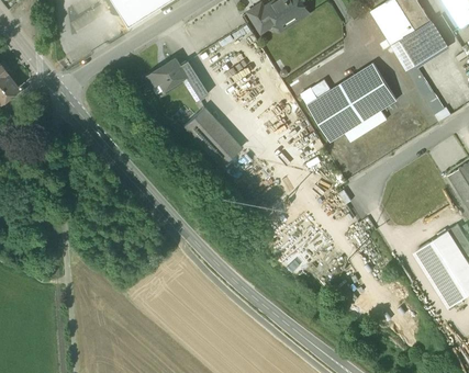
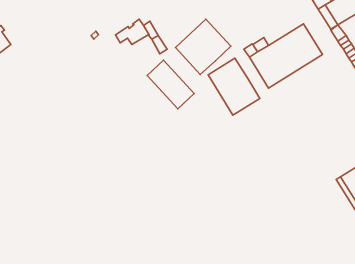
building: none -> [175,19,231,74]
building: none -> [208,58,260,115]

